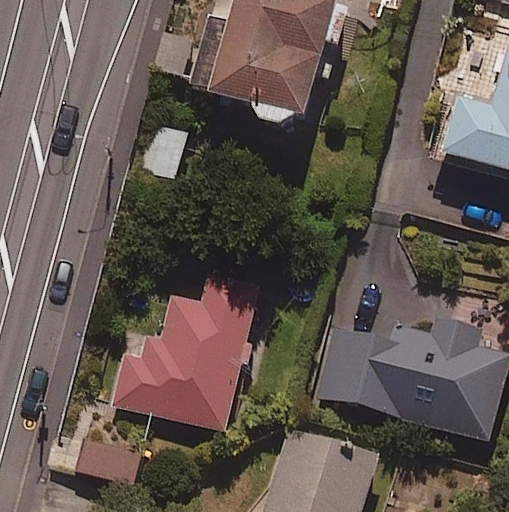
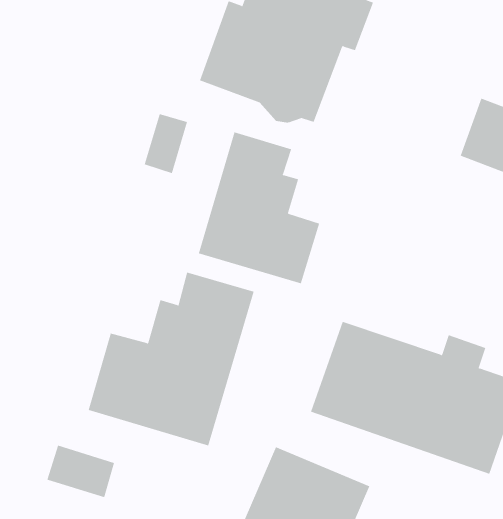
building: none -> [198,132,320,284]

